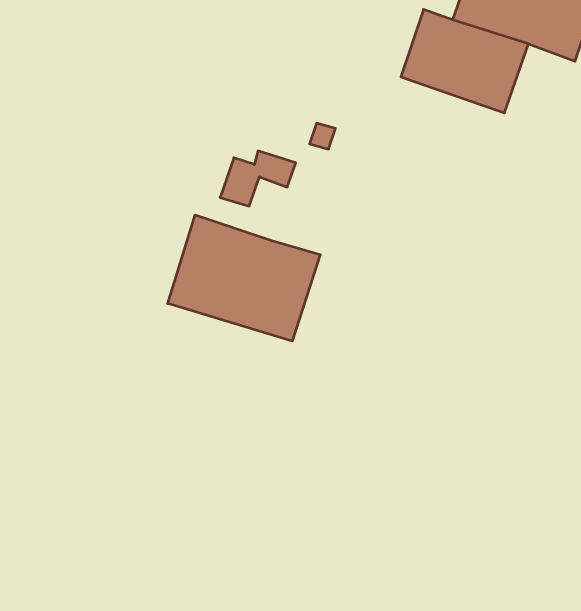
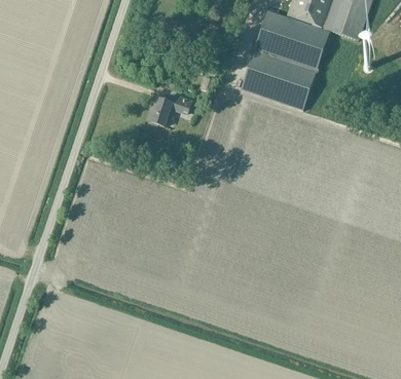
building: none -> [241,48,317,110]
building: [168,215,320,341] -> none

